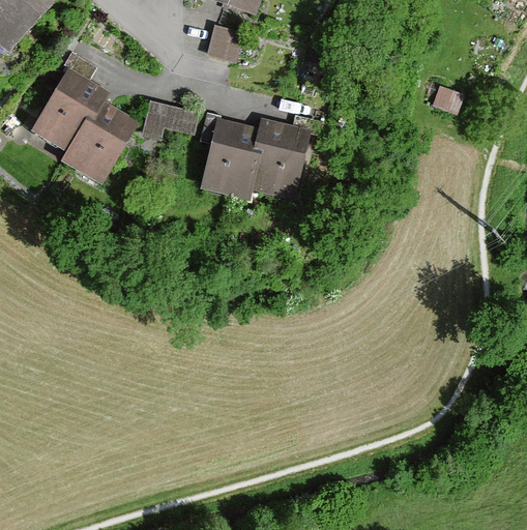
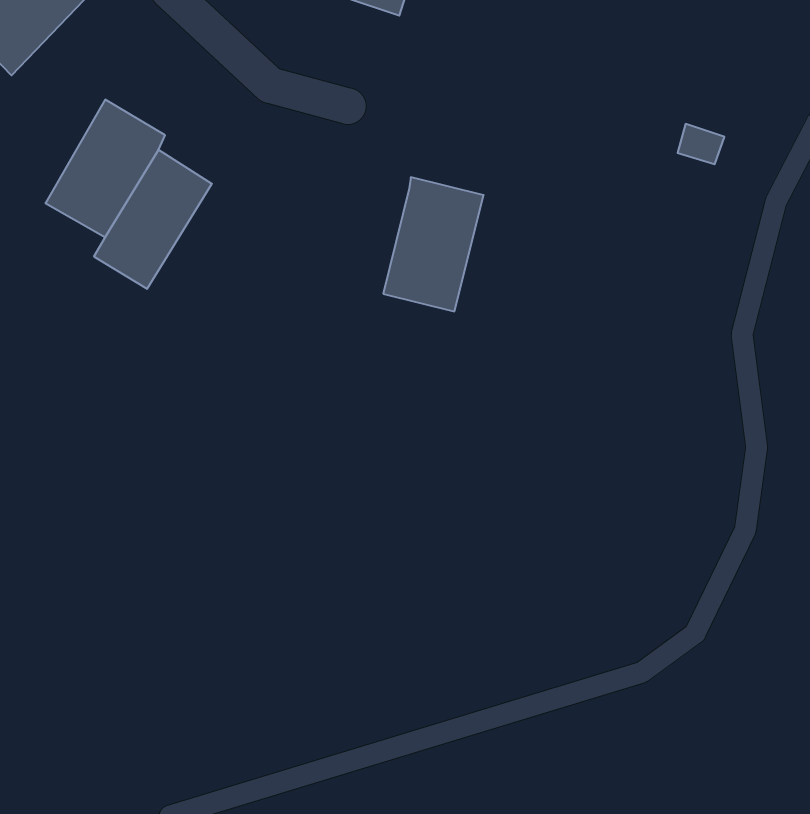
building: [203,25,246,63] -> none
building: [145,98,201,135] -> none
building: [195,114,263,201] -> none

